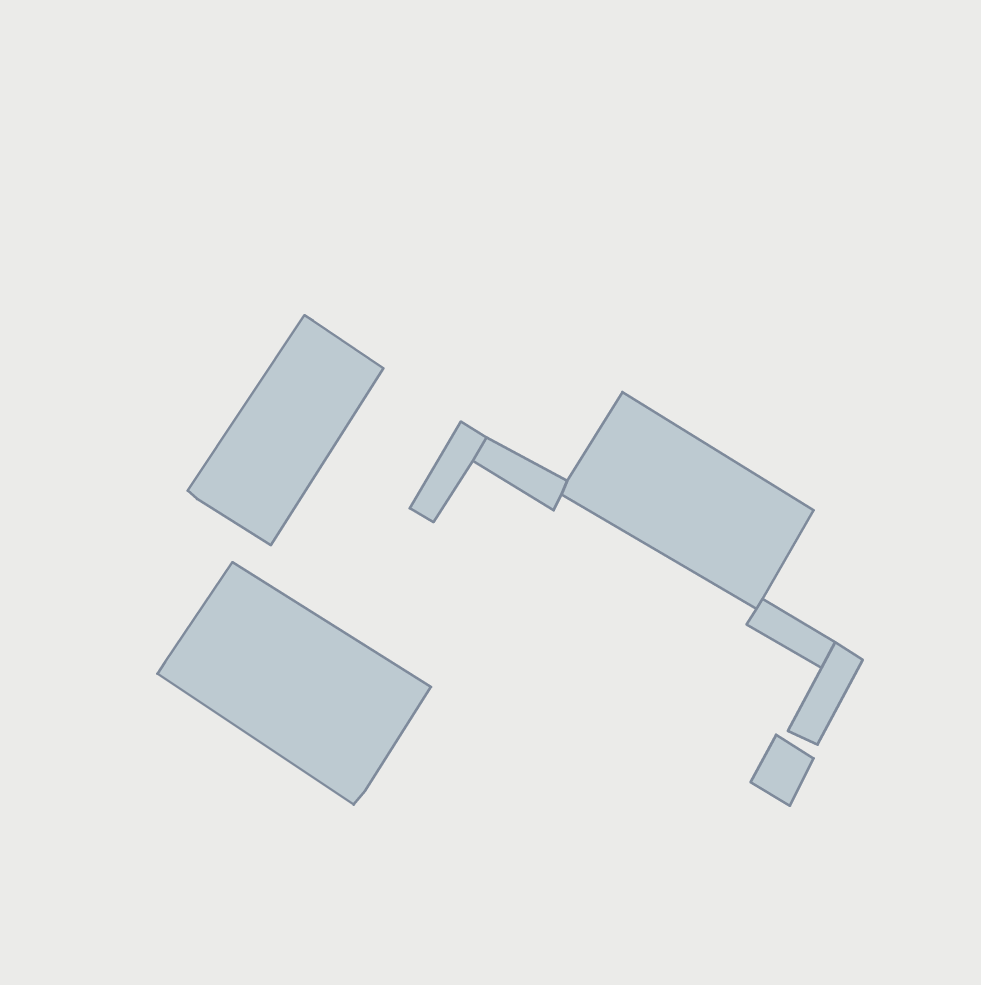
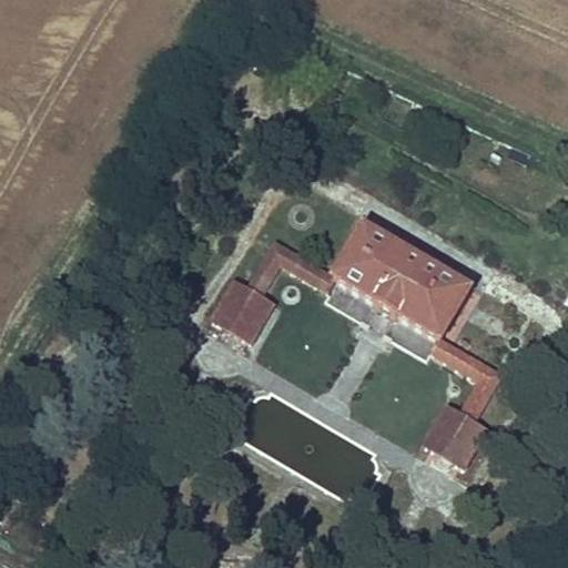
building: [188,315,383,545] -> none
building: none -> [220,285,266,331]
building: [157,562,431,805] -> none

